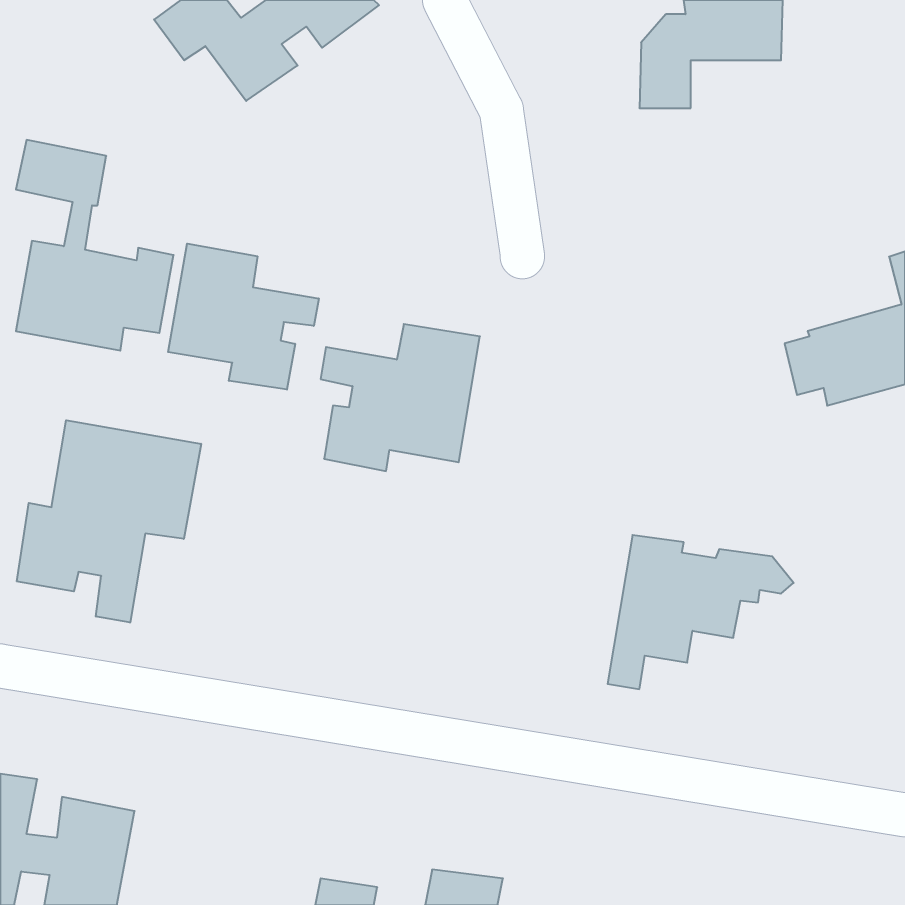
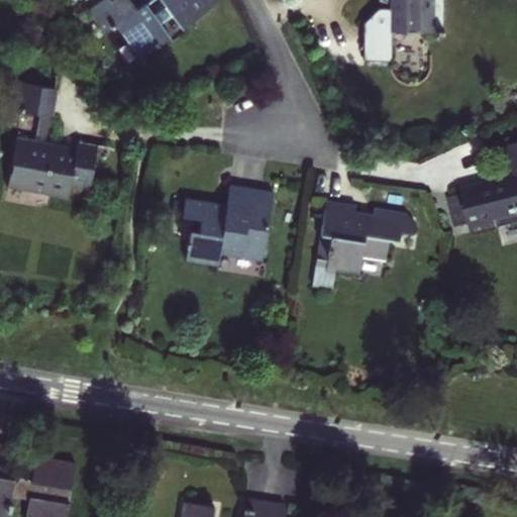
building: [168,244,319,390] -> none
building: [17,420,201,623] -> none
building: [608,535,794,689] -> [313,202,419,290]

